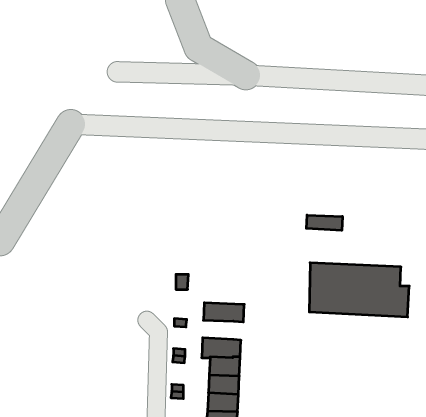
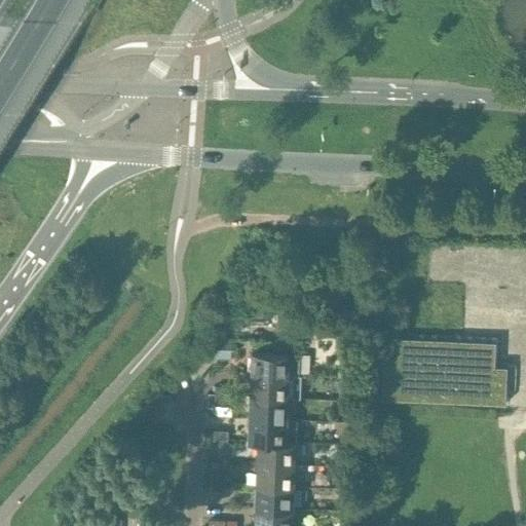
building: [306,215,342,230] -> none
building: none -> [252,361,300,386]
building: none -> [250,406,288,429]

